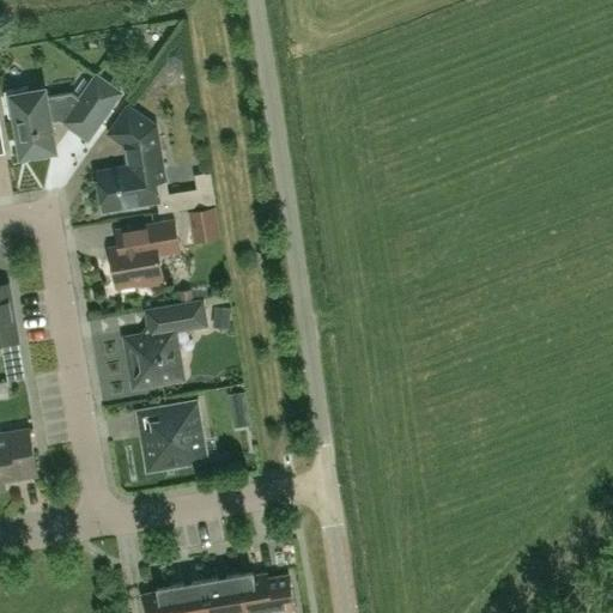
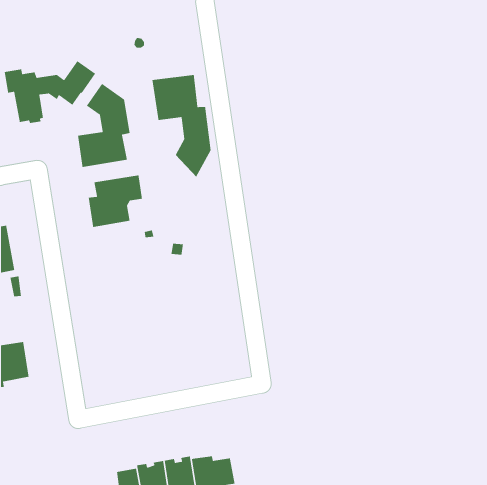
building: none -> [152,74,212,178]
building: [188,210,221,245] -> none
building: [126,303,207,389] -> none
building: [139,403,207,472] -> none

